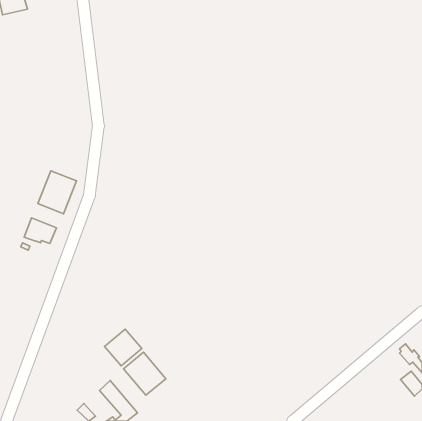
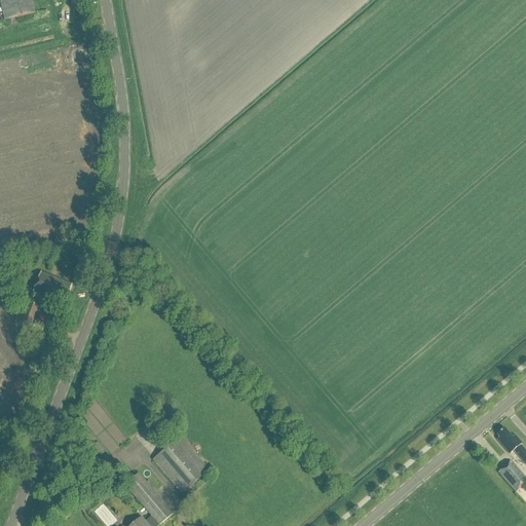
building: [38,171,77,214] -> none
building: [105,329,142,366] -> none

